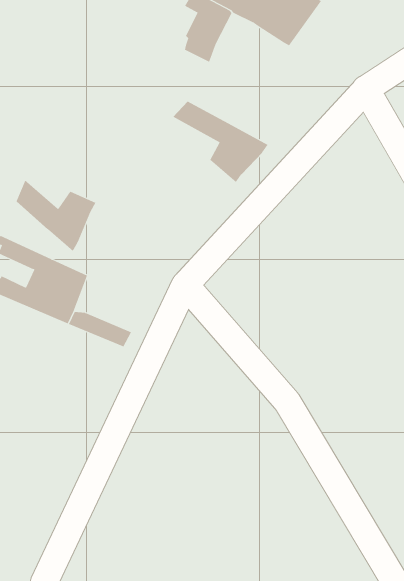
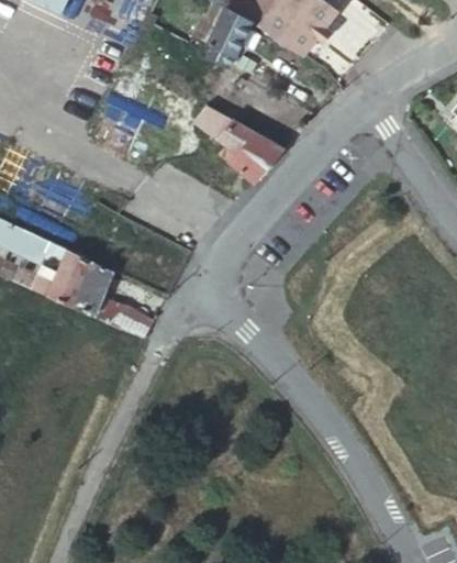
building: [16,180,96,252] -> none

